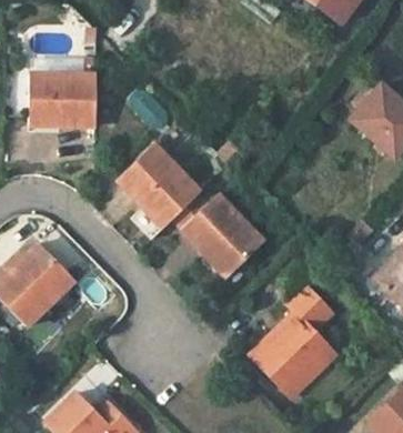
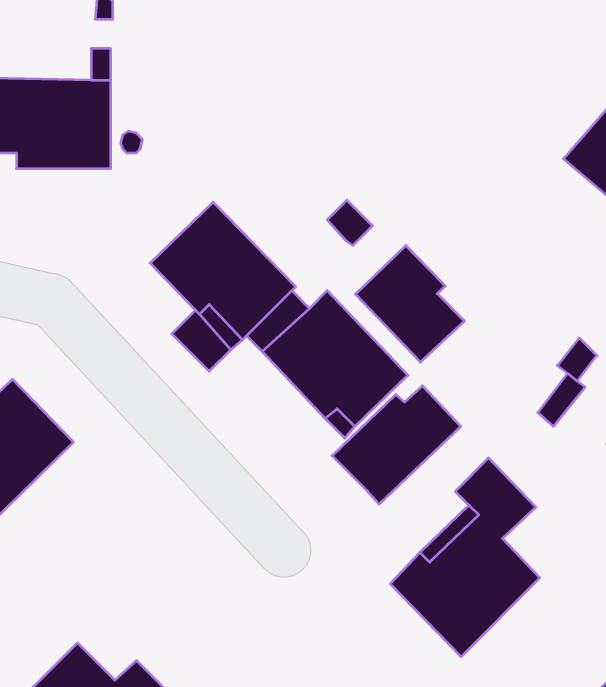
building: none -> [355,245,464,362]
building: none -> [332,386,461,504]

